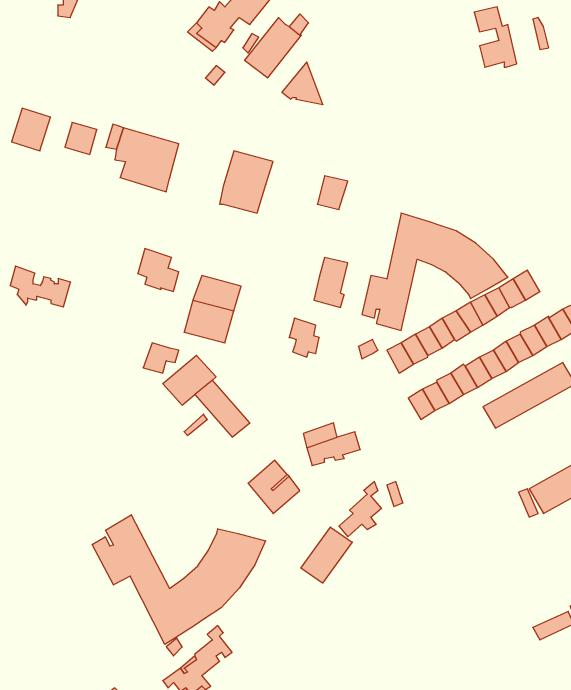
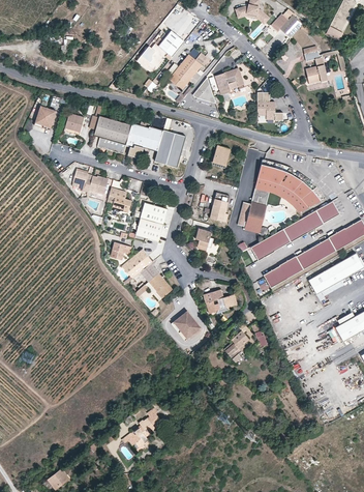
building: none -> [215,67,244,94]
building: none -> [257,92,284,120]
building: none -> [126,123,163,158]
building: [10,266,71,307] -> [73,170,109,194]
building: [92,515,266,644] -> none
building: [301,527,352,583] -> none

